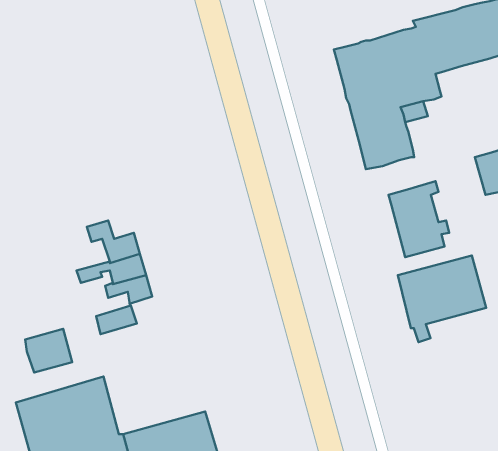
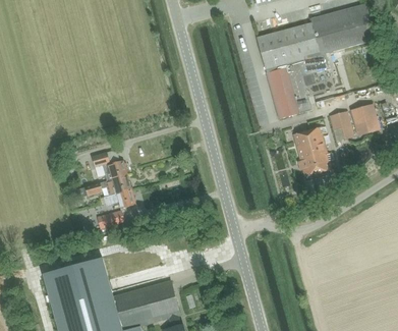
building: none -> [329,111,354,143]
building: [398,255,486,342] -> none
building: [25,329,72,373] -> none

